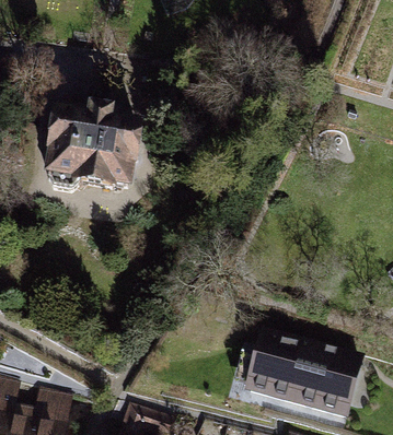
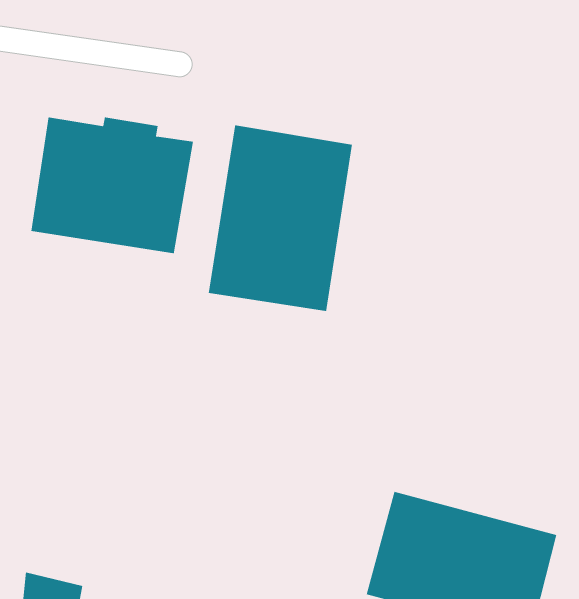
building: none -> [208,124,353,312]

